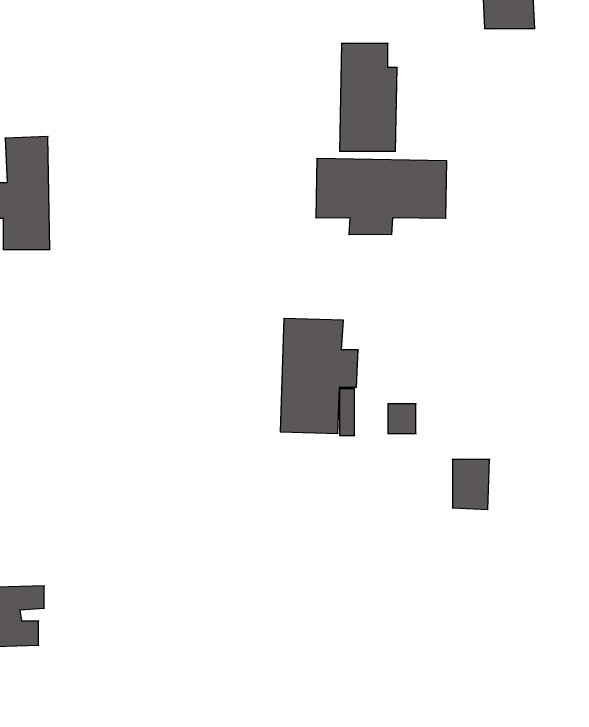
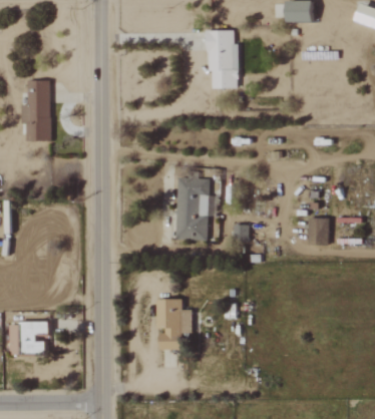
building: [316,158,446,235] -> none
building: [452,459,490,510] -> [309,218,329,245]
building: none -> [156,299,192,349]

